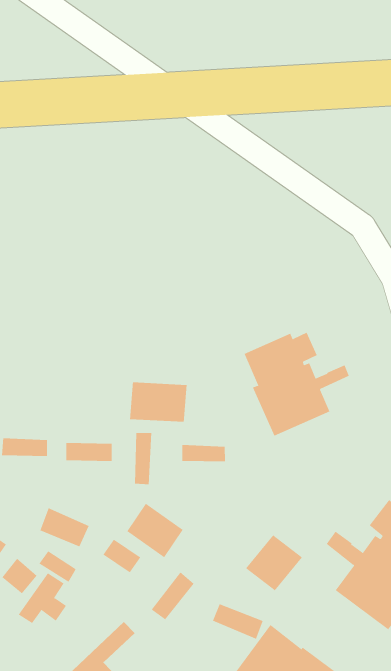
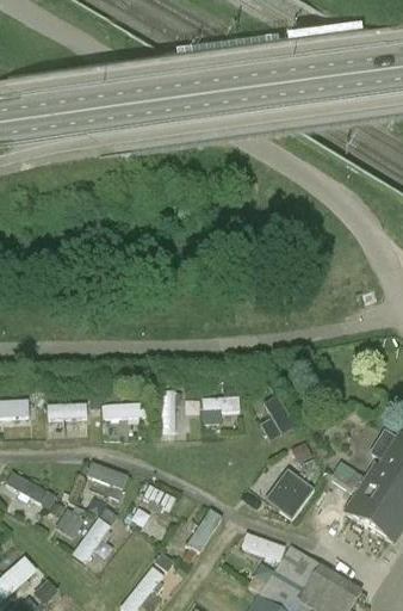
building: [244,332,349,436] -> none
building: [129,382,187,422] -> none
building: none -> [261,395,294,442]
building: [126,503,183,558] -> none

